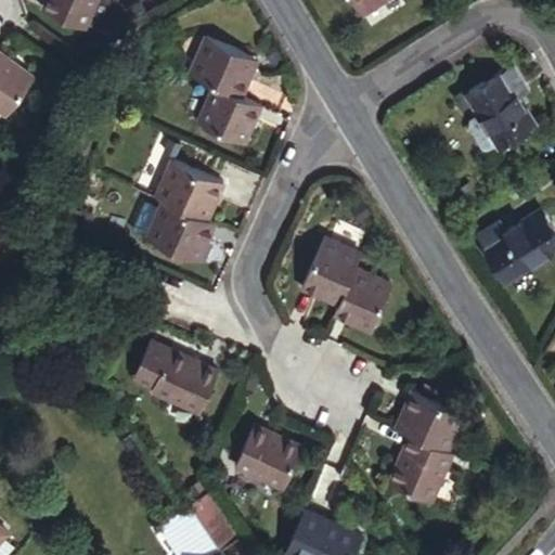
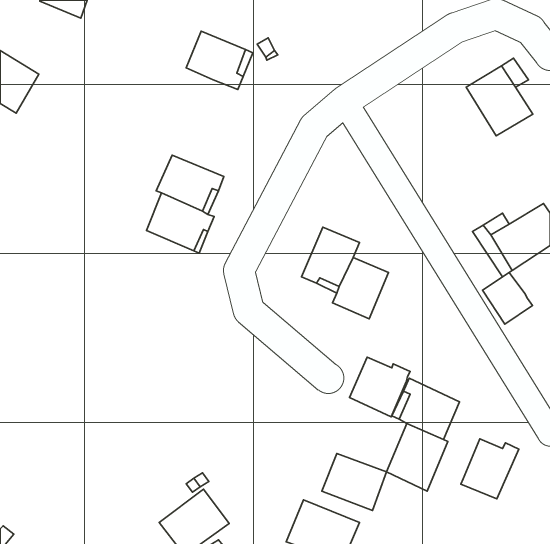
building: [198,87,261,145] -> none
building: none -> [483,272,532,324]
building: [130,351,215,416] -> none
building: none -> [349,357,410,417]
building: [235,429,300,487] -> [322,454,386,511]
building: none -> [461,439,519,499]

